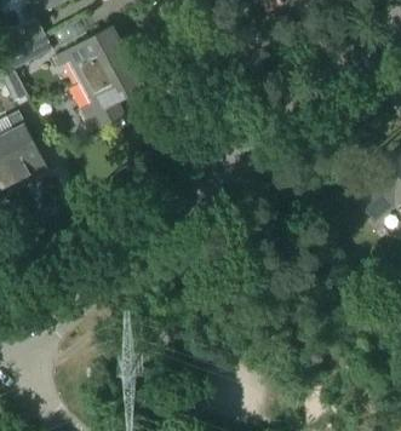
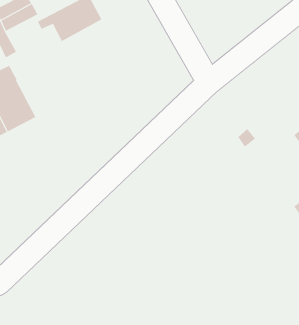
building: [79,56,145,132] -> none

